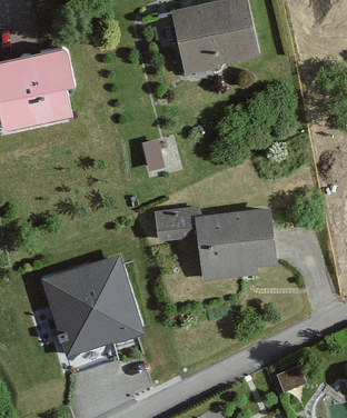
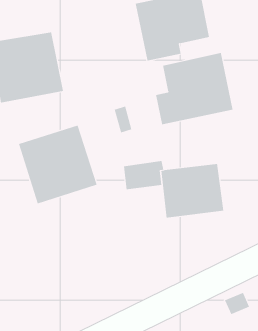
building: none -> [156,52,233,125]
building: [43,258,140,355] -> [18,125,97,204]

